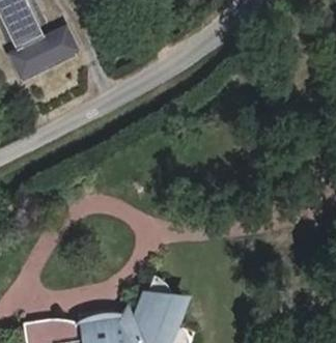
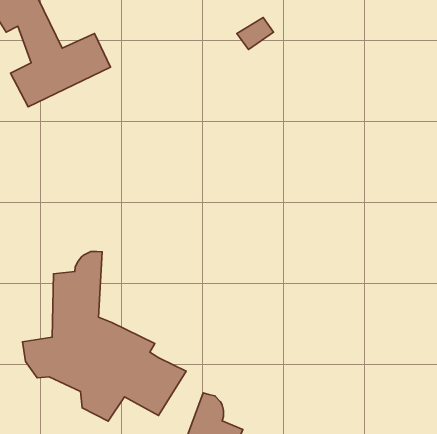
building: none -> [23,251,186,421]

